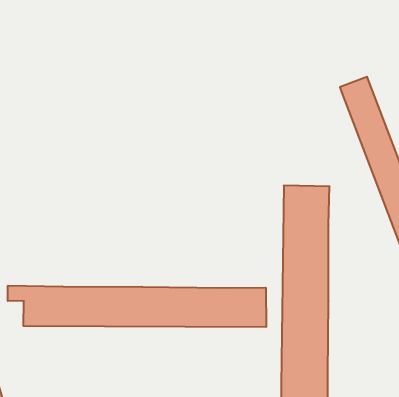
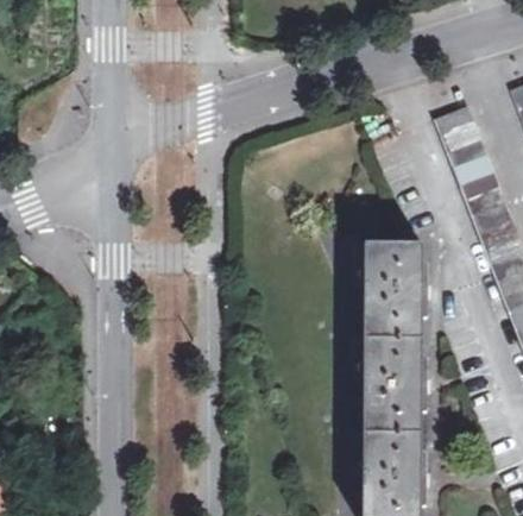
building: [8,286,266,327] -> none

